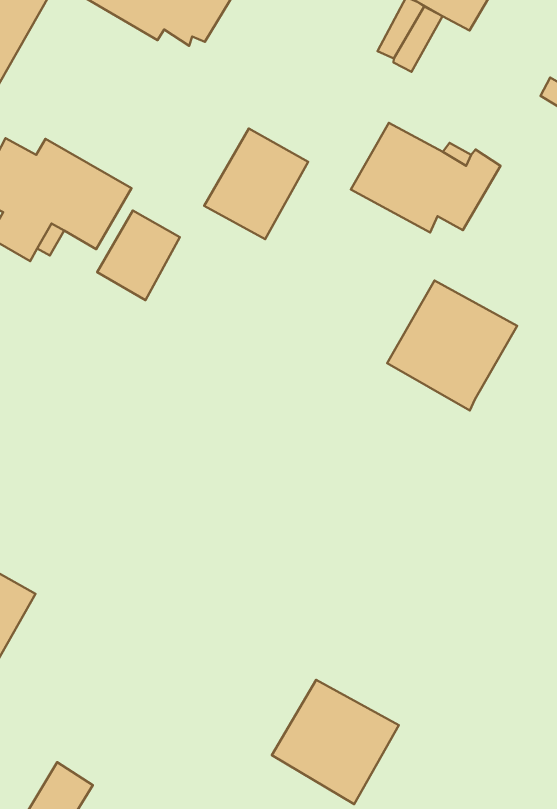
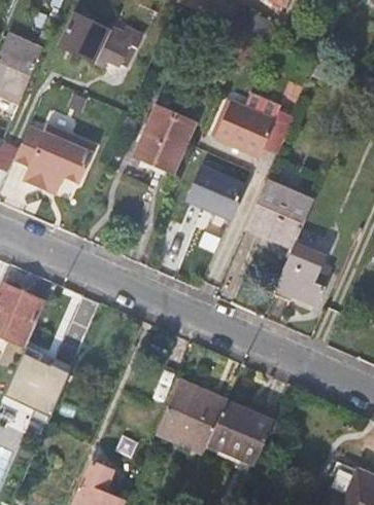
building: [97,210,180,300] -> none
building: none -> [185,165,245,218]
building: none -> [276,241,330,305]
building: none -> [158,377,228,452]

